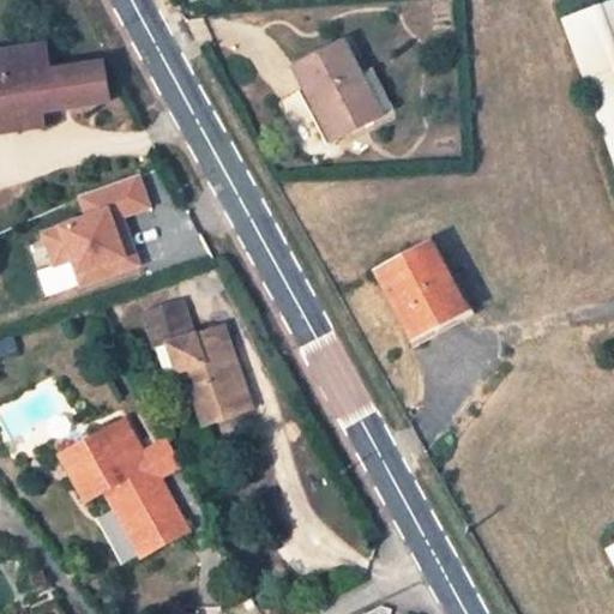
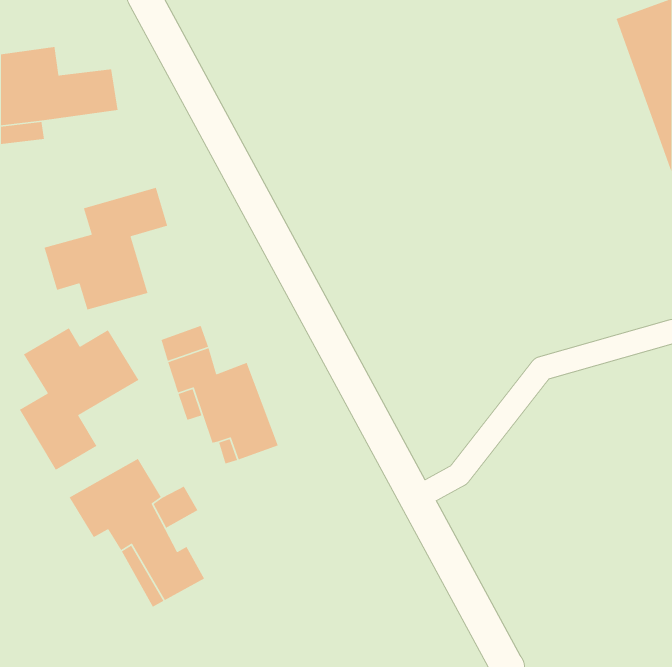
building: [293,40,379,136] -> none
building: [378,245,462,337] -> none
building: none -> [19,327,140,471]

